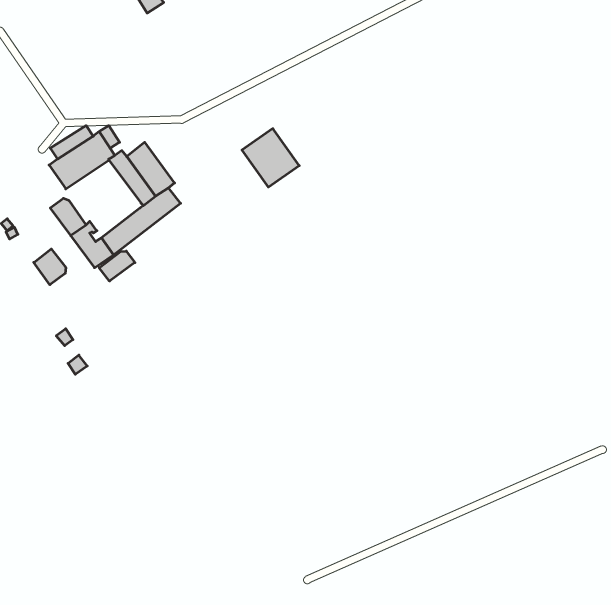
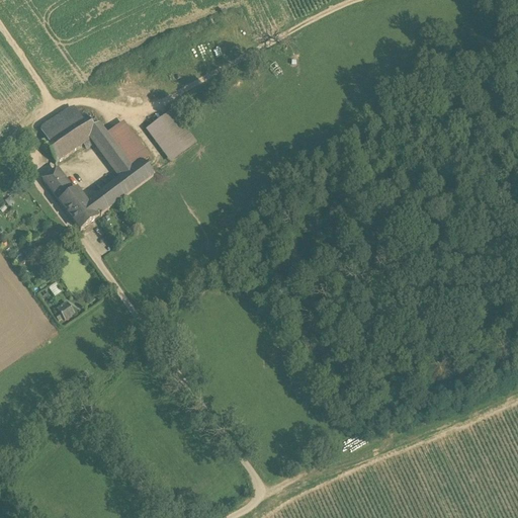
building: [242,129,299,187] -> [147,110,195,160]
building: [34,249,66,285] -> none
building: [99,251,135,281] -> none

